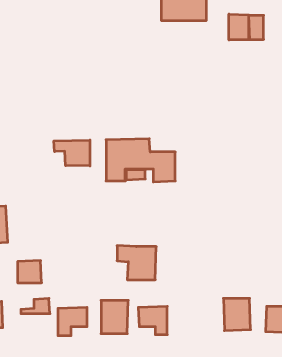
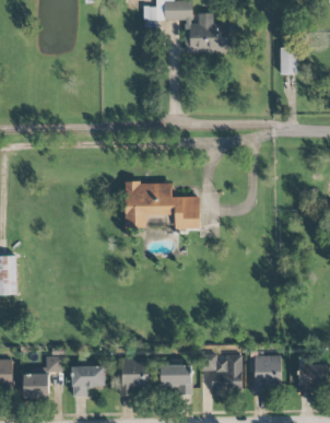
building: [229,14,249,40] -> none
building: [54,140,90,166] -> none
building: [117,246,156,280] -> [200,353,243,390]
building: [18,261,42,283] -> [23,373,49,397]

